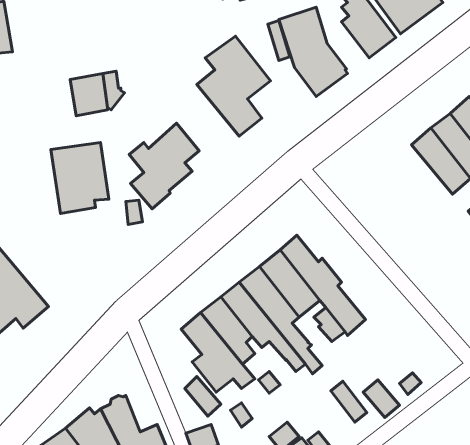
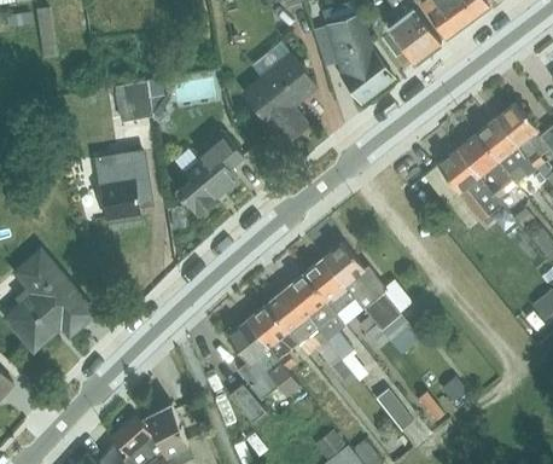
building: none -> [437,151,502,221]

